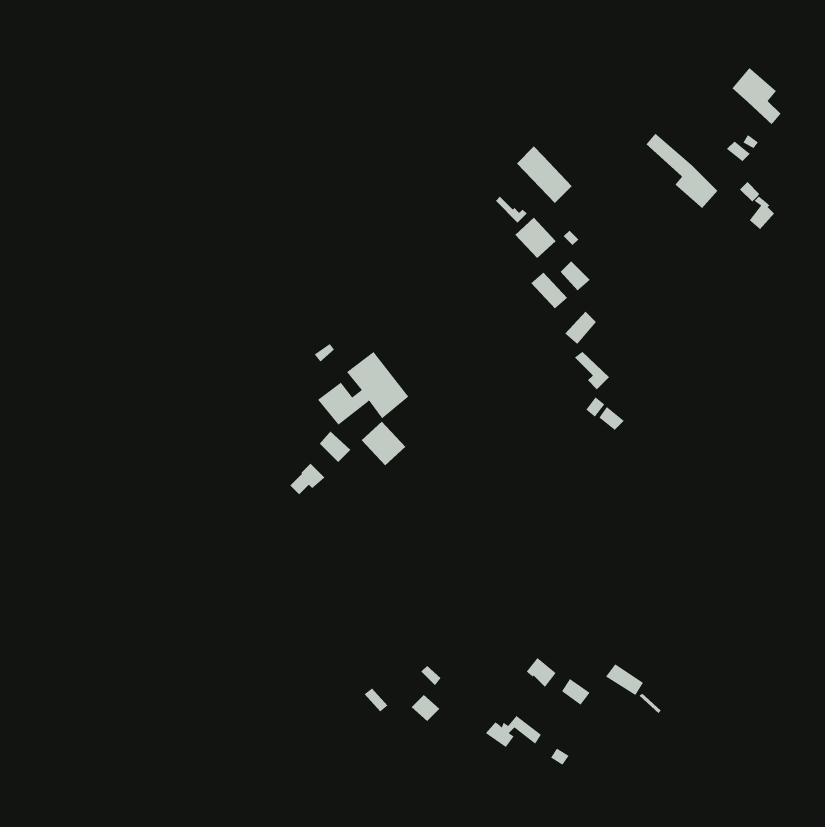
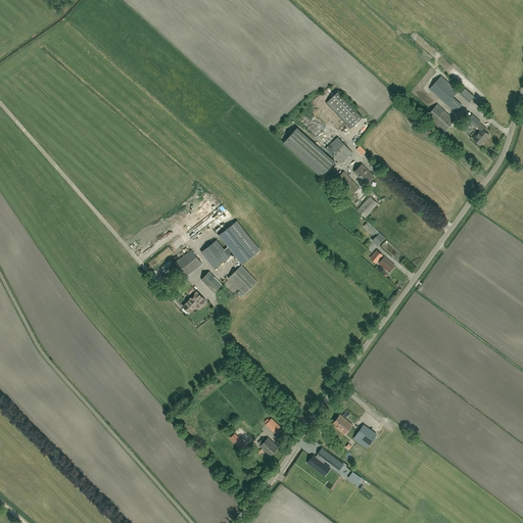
building: [731,67,782,125] -> [429,76,461,112]
building: none -> [283,127,334,177]
building: none -> [174,250,201,277]

